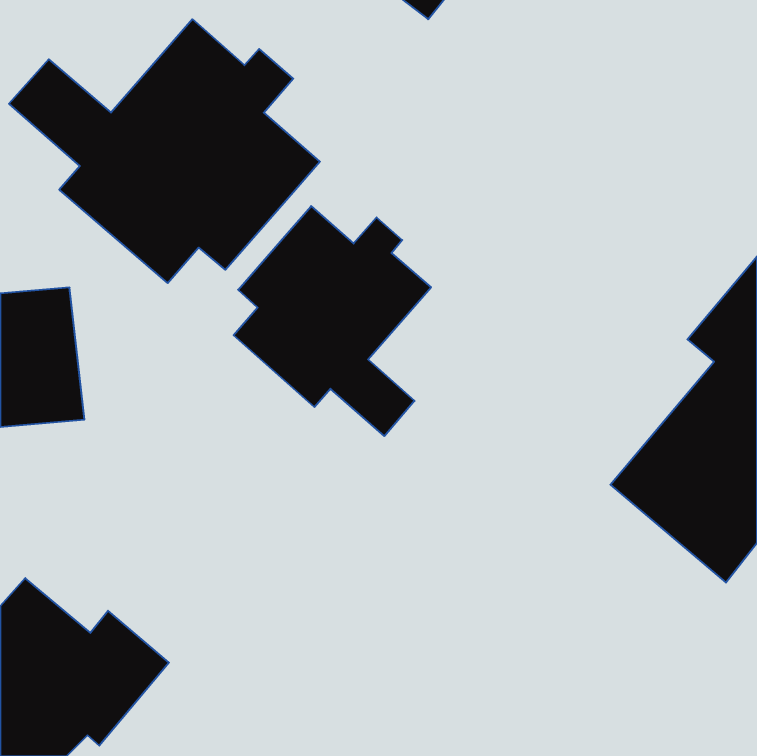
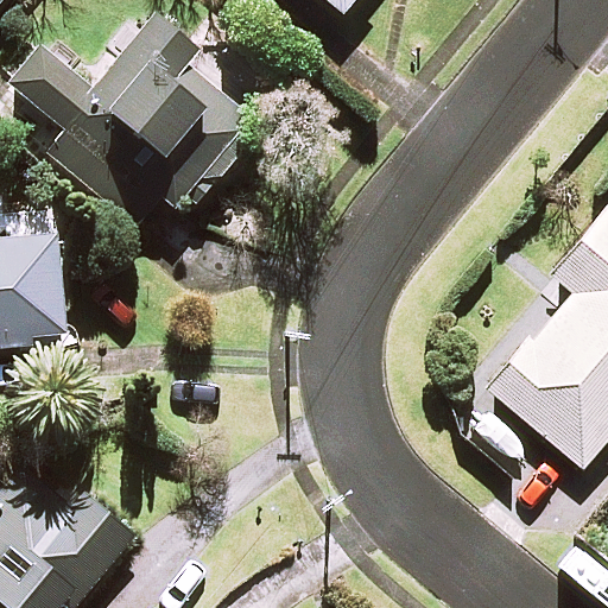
building: [234,206,431,436] -> none

